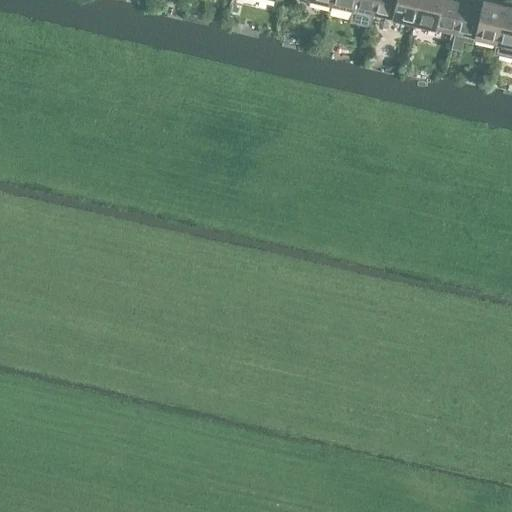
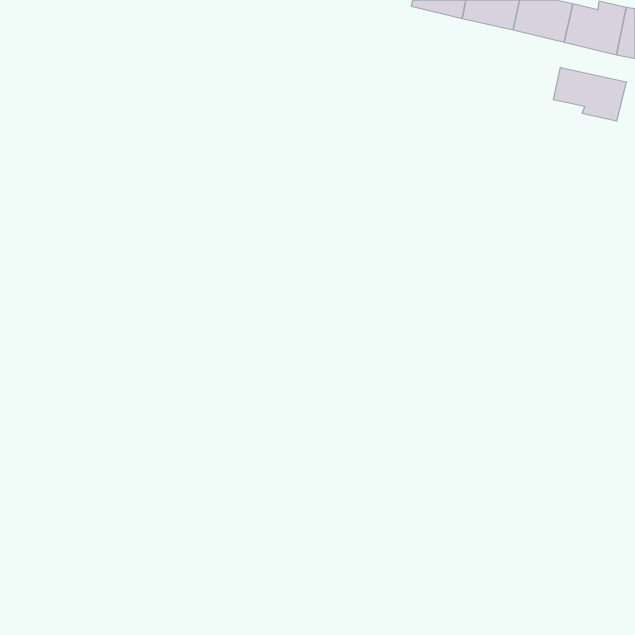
building: none -> [553,67,626,121]

